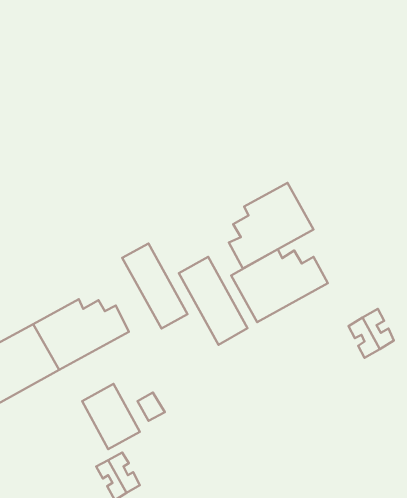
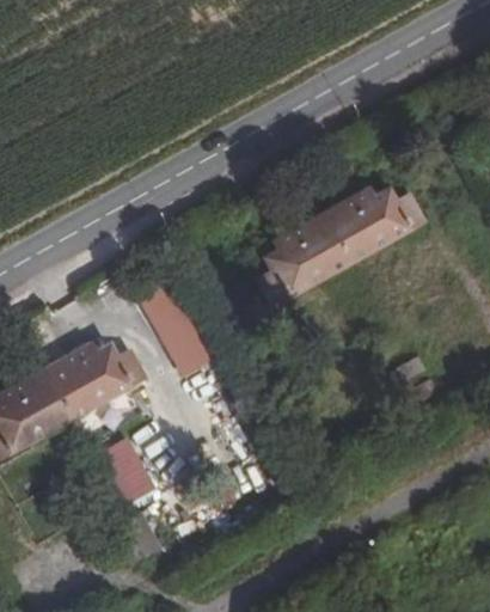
building: [231,249,328,322] -> [320,185,427,265]
building: [179,257,248,345] -> none

